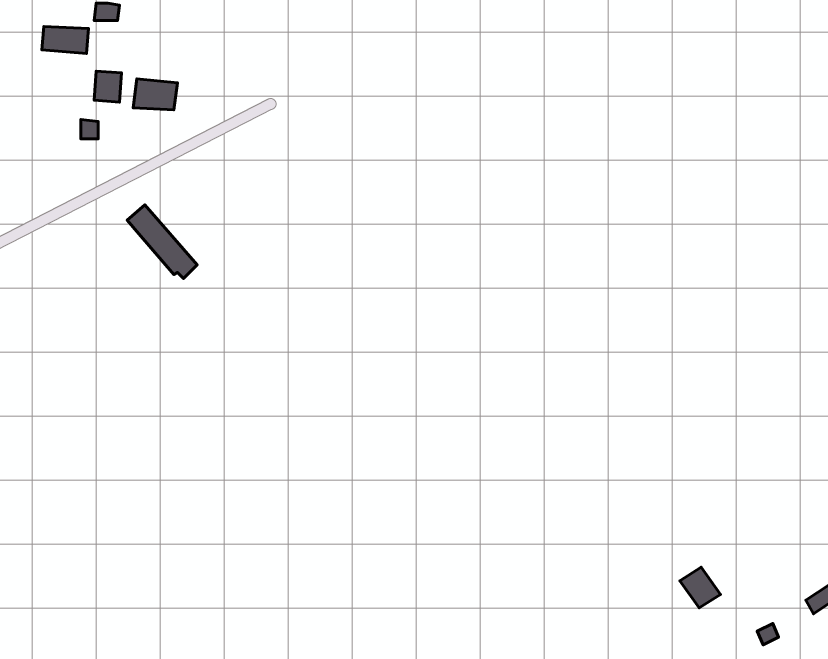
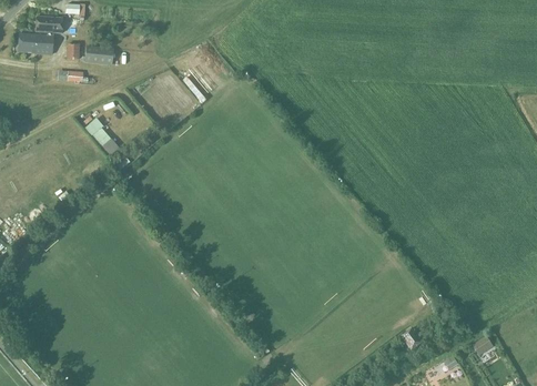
building: none -> [18,32,53,53]

